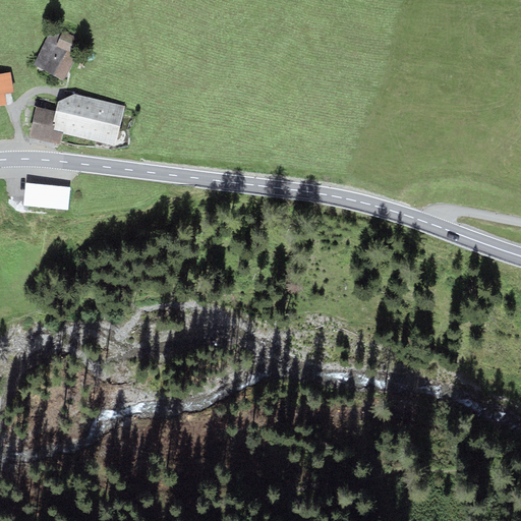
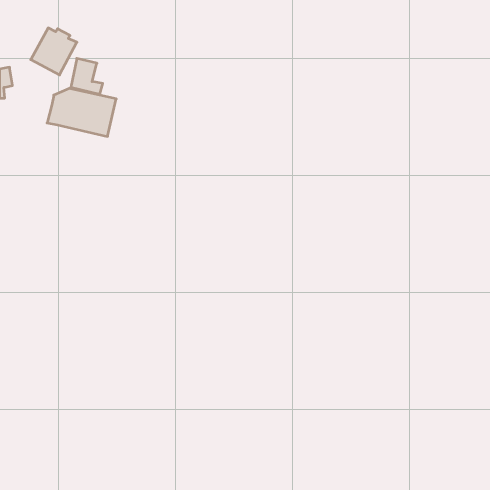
building: [27,106,61,143] -> [71,58,103,94]
building: [22,182,69,210] -> none

